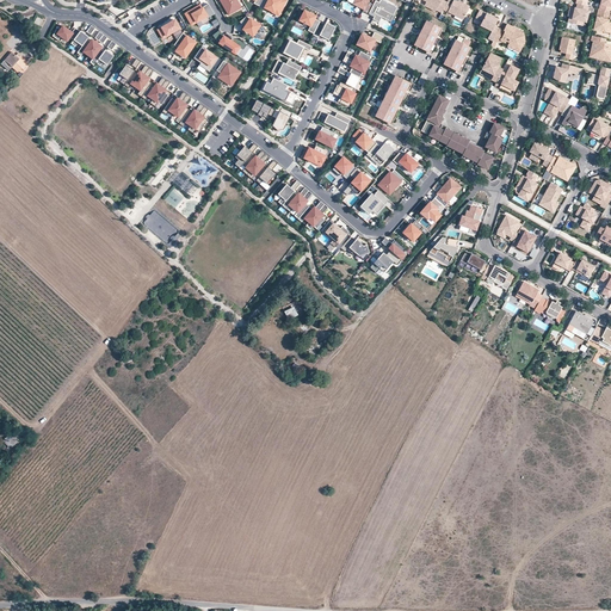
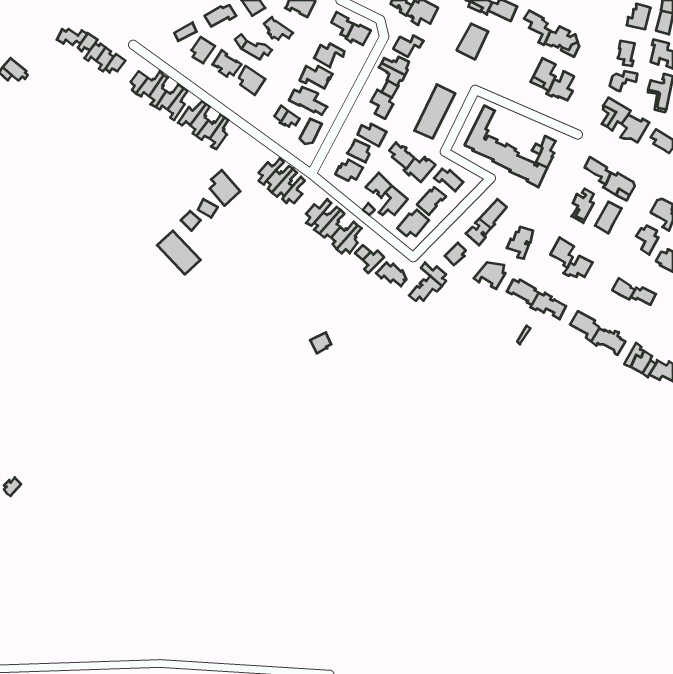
building: [443,35,471,73] -> none

